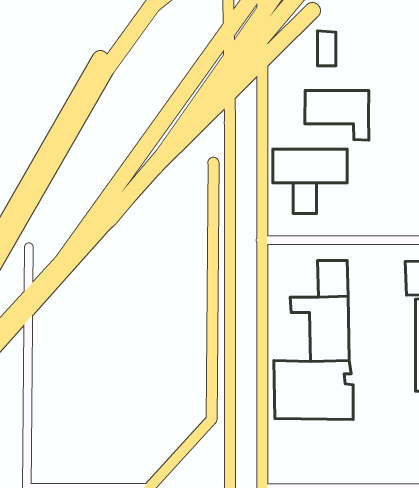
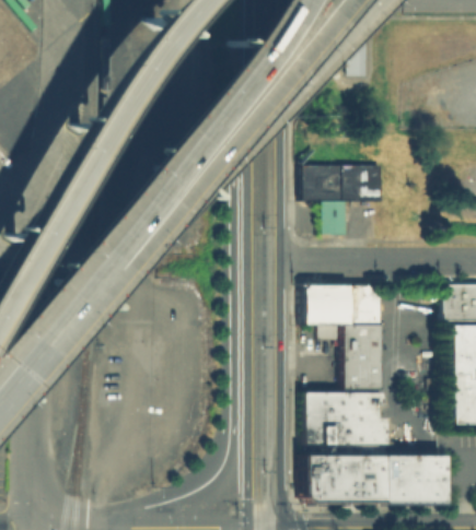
building: [305,91,369,140] -> none
building: none -> [303,284,351,323]
building: none -> [302,454,445,504]

